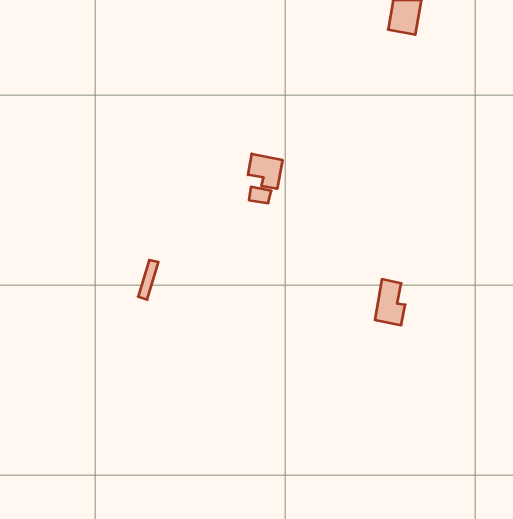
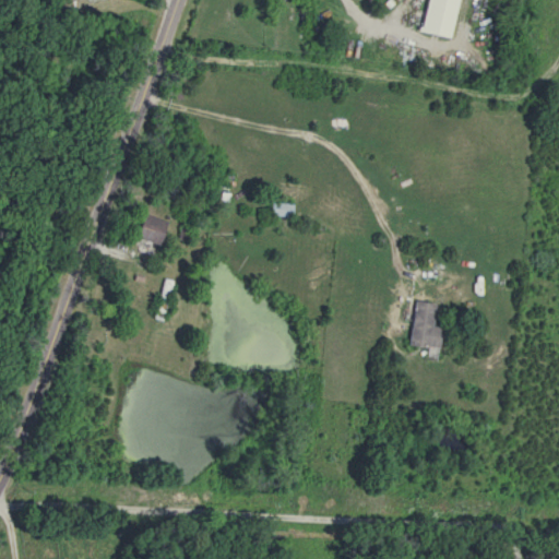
building: [248,154,282,189] -> none
building: none -> [139,215,169,245]

